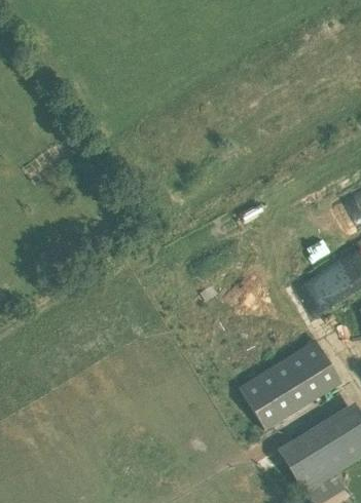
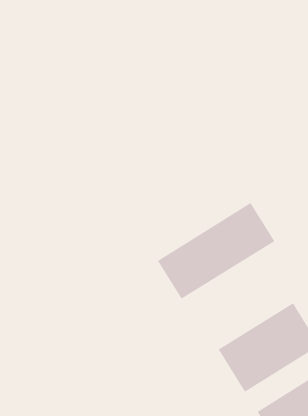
building: none -> [157,202,275,300]

